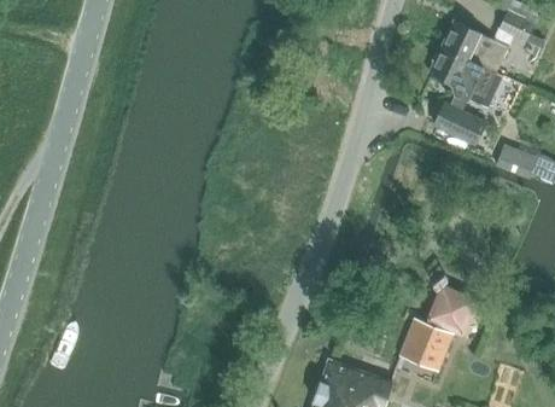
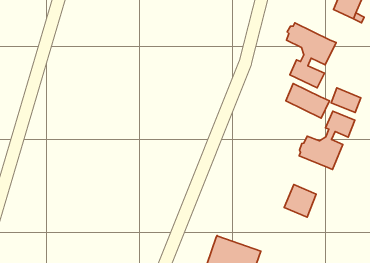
building: [443,23,507,74] -> [286,83,330,118]
building: none -> [299,111,355,170]
building: [397,319,452,372] -> none

